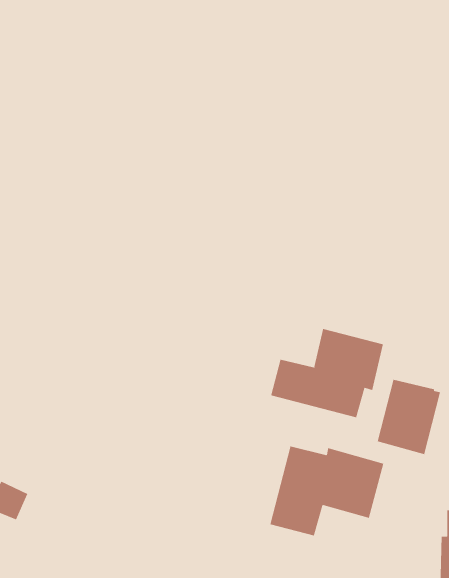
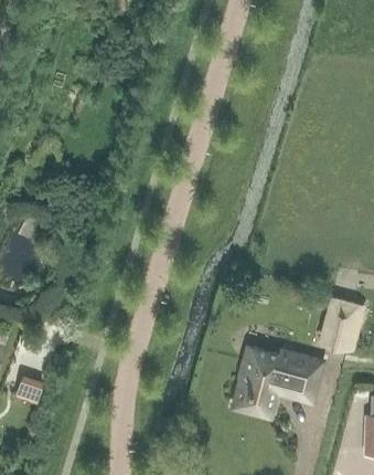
building: [271,328,383,418] -> none

